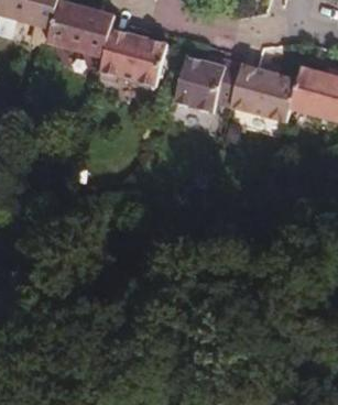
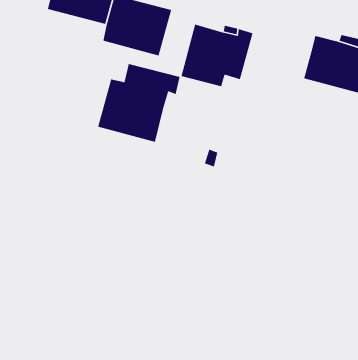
building: [227,64,293,123] -> none
building: none -> [97,63,180,143]

